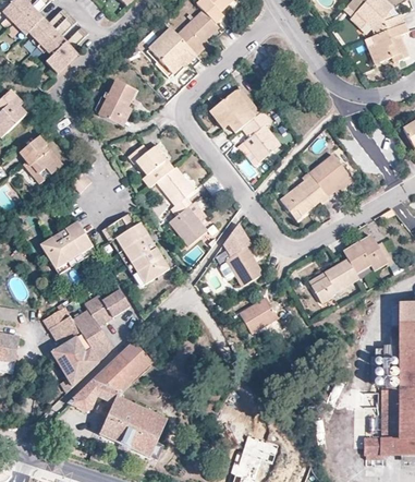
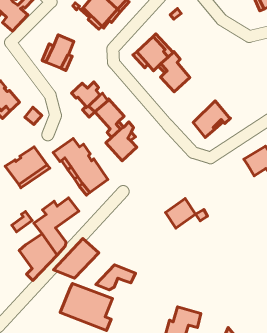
building: [309,155,353,197] -> none
building: [223,224,263,287] -> none
building: [308,260,358,304] -> none
building: [49,315,82,346] -> none
building: [69,379,120,411] -> [96,265,136,290]

